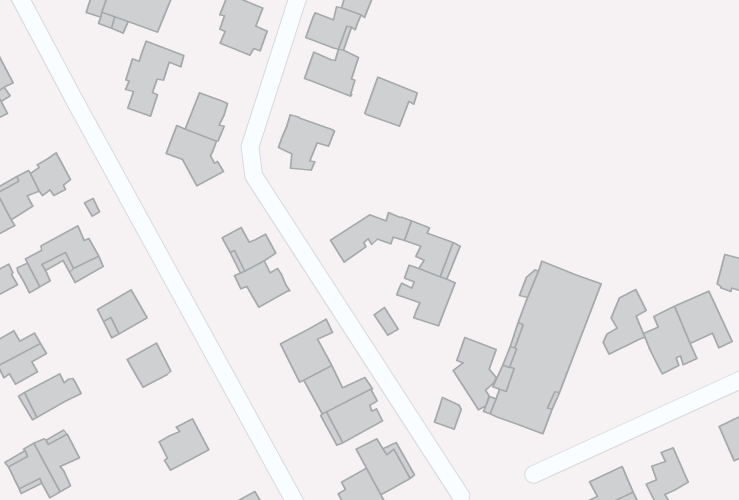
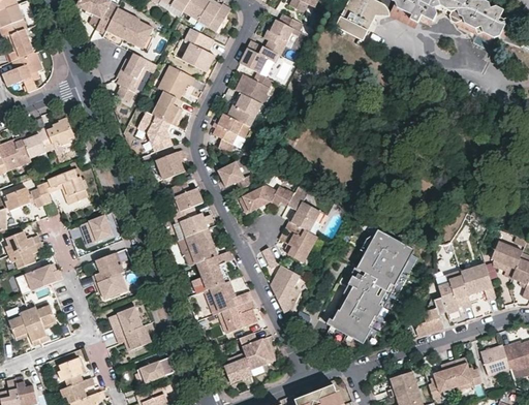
building: none -> [158,65,195,98]
building: [365,77,417,126] -> [227,92,263,126]
building: none -> [155,150,186,179]
building: none -> [218,162,253,189]
building: [603,290,646,354] -> [414,297,445,337]
building: none -> [186,228,217,266]
building: [453,338,496,410] -> [271,266,301,314]
building: none -> [95,274,127,300]
building: none -> [447,356,481,386]
building: none -> [115,325,150,350]

